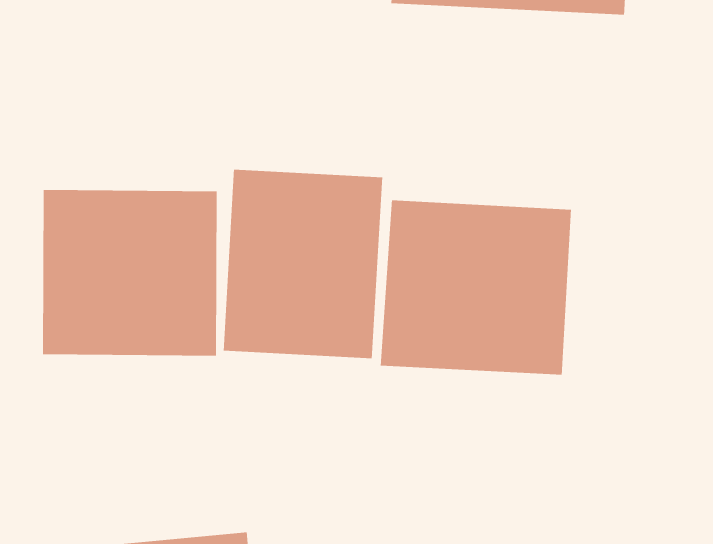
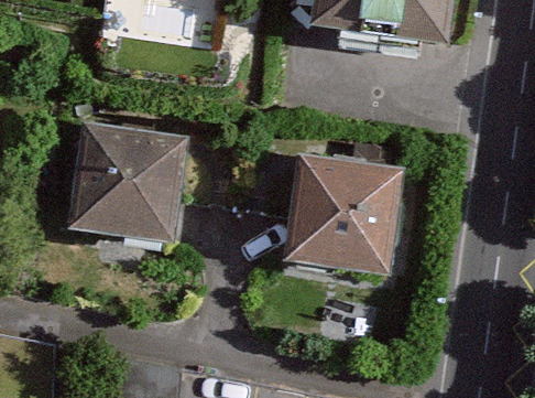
building: [223,169,383,359] -> none

